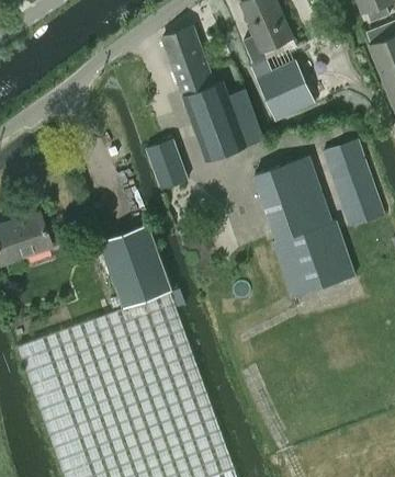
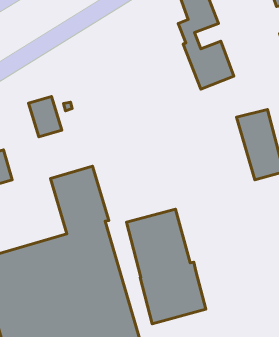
building: [161,26,263,160] -> none
building: [145,138,188,189] -> [29,97,62,137]
building: [250,156,354,298] -> [127,209,206,324]

